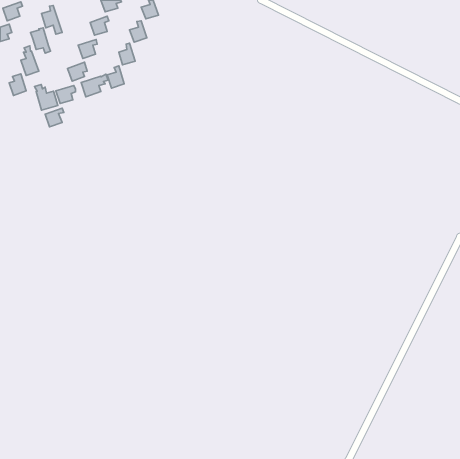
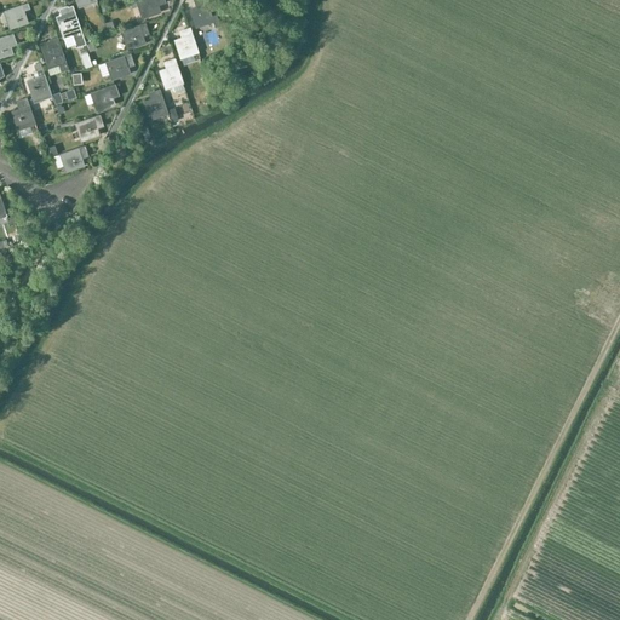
building: [81,74,108,97] -> none
building: [34,84,58,110] -> none

